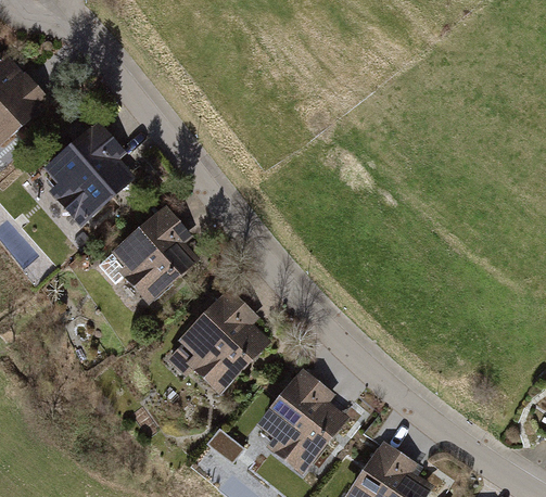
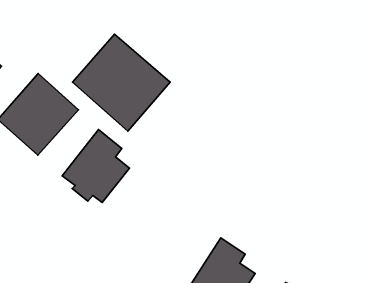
building: none -> [72,34,170,131]
building: [176,293,266,390] -> none

